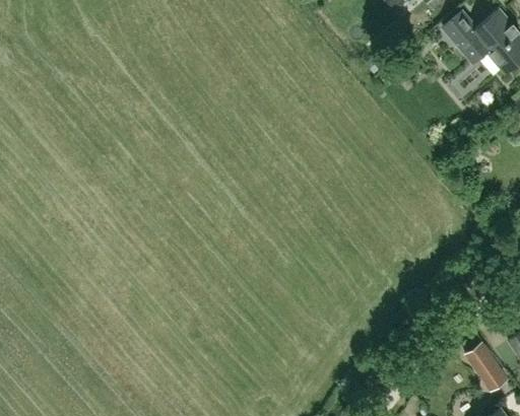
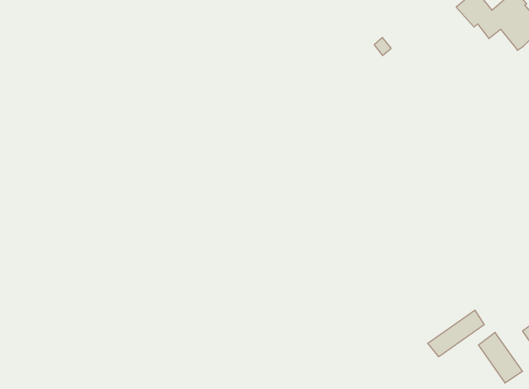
building: none -> [428,310,484,357]

